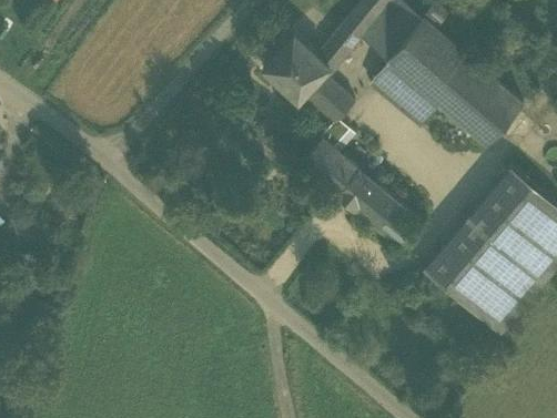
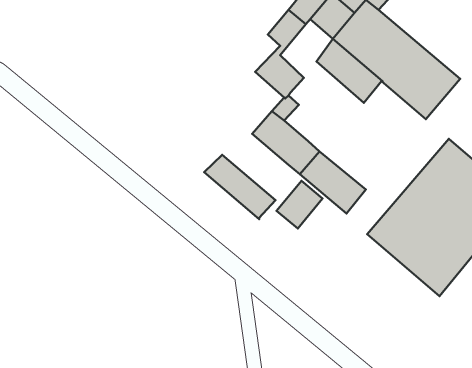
building: [262,34,330,101] -> none
building: none -> [204,155,276,219]
building: none -> [277,181,322,229]

